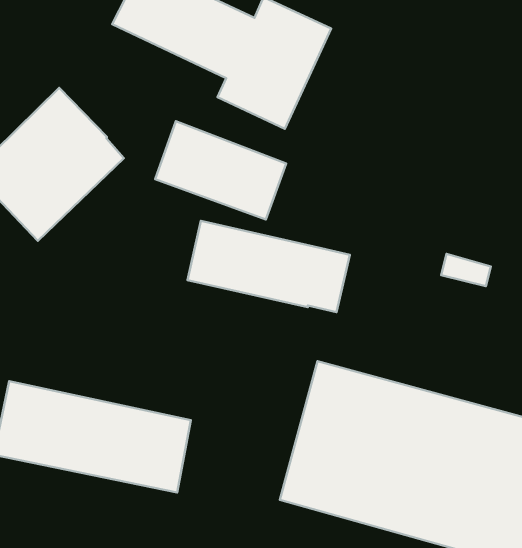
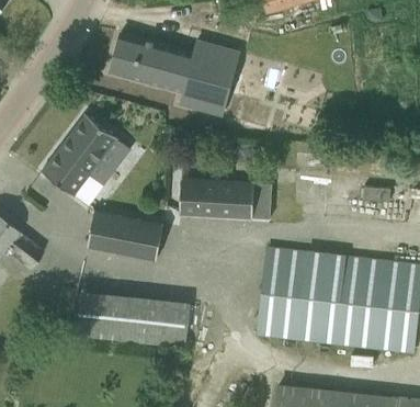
building: [155,121,286,220] -> [87,211,162,260]

